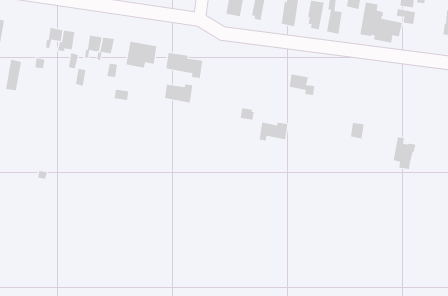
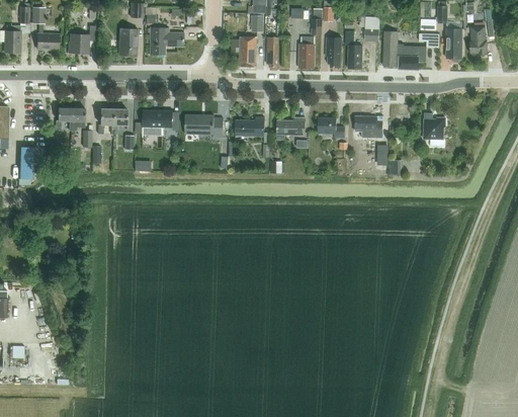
building: none -> [445,28,461,62]
building: none -> [354,115,381,133]
building: [164,84,193,103] -> [235,116,263,136]
building: [259,122,288,141] -> [276,117,305,139]
building: [393,137,416,170] -> [423,112,445,145]

